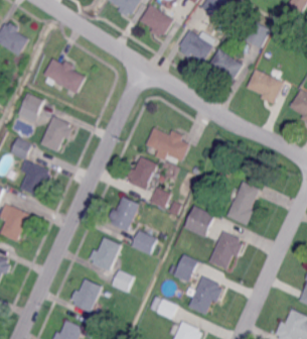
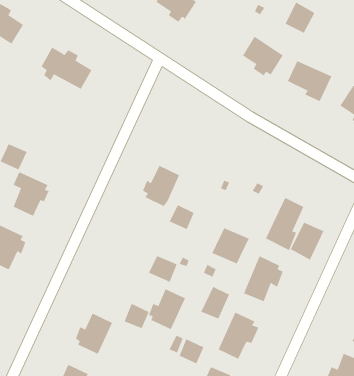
building: [178,29,212,61] -> none
building: [15,93,42,122] -> none
building: [39,116,71,150] -> none
building: [144,127,188,161] -> none
building: [107,196,138,230] -> none
building: none -> [290,222,324,260]
building: [89,236,120,270] -> [148,288,186,330]

